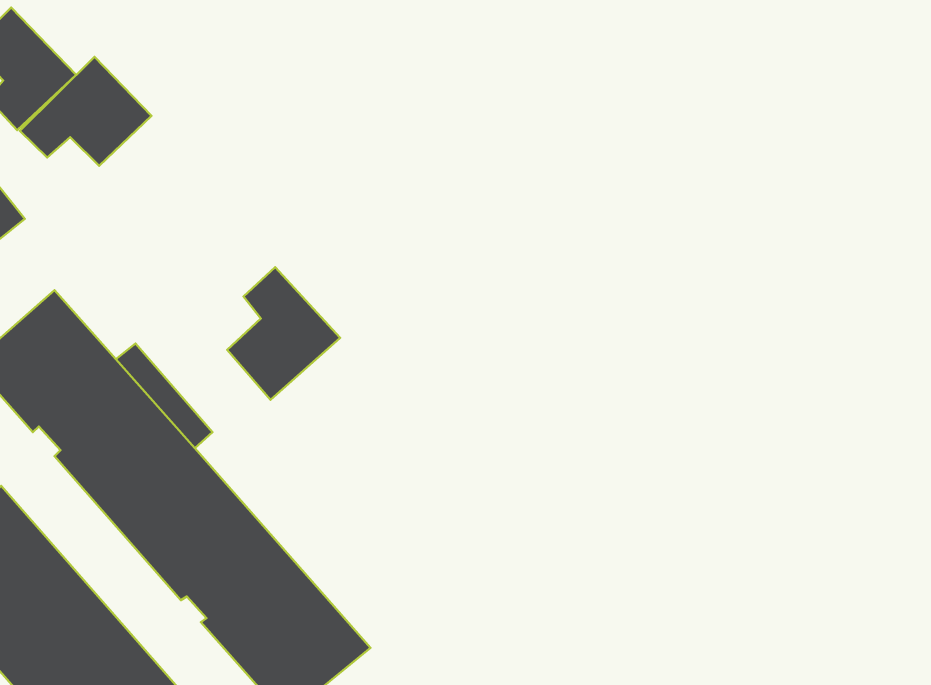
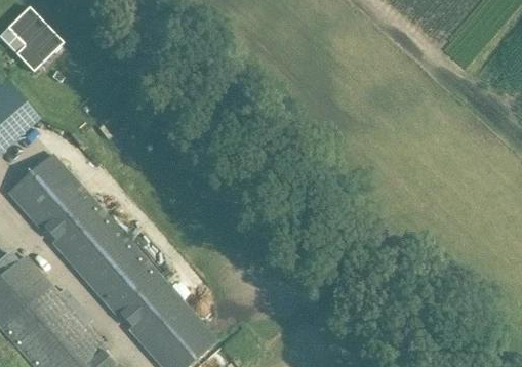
building: [20,57,152,166] -> none
building: [227,267,340,400] -> none

